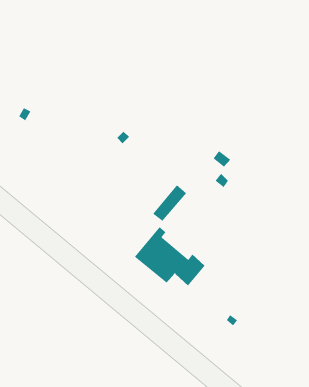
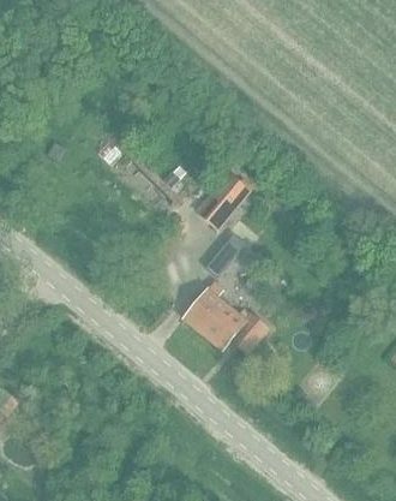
building: none -> [196,174,247,228]

